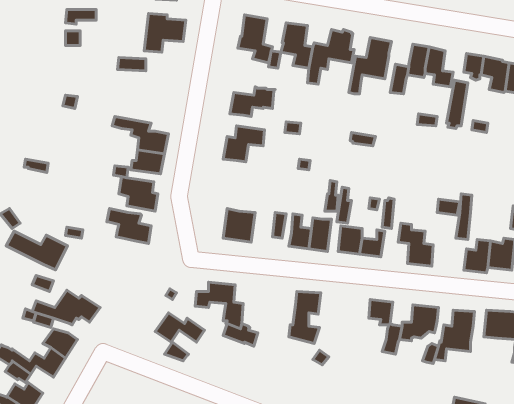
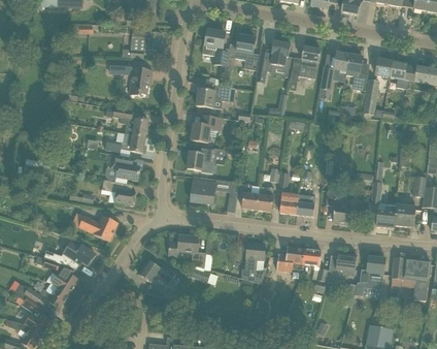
building: none -> [129,68,153,96]
building: none -> [187,146,227,172]
building: [6,231,68,270] -> [71,212,119,242]
building: none -> [276,247,304,272]

